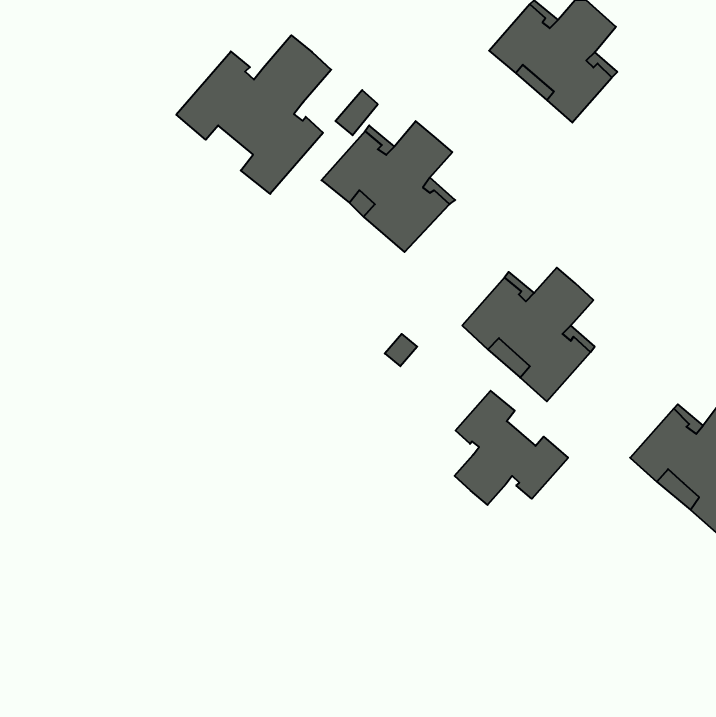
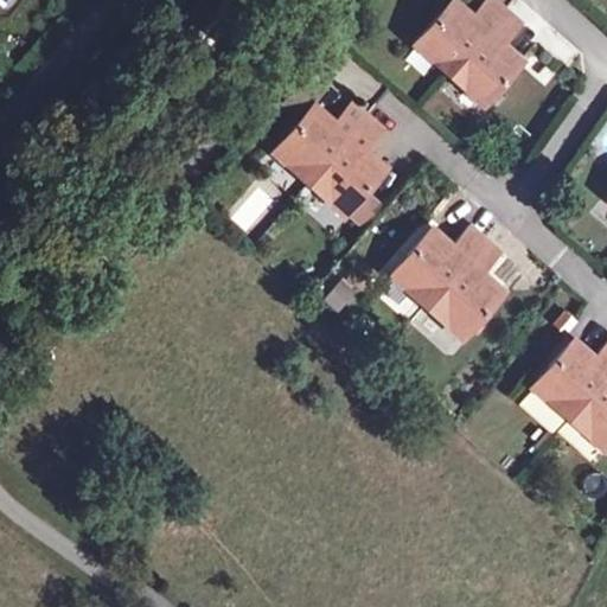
building: [176,35,331,194] -> none
building: [455,391,568,505] -> none

